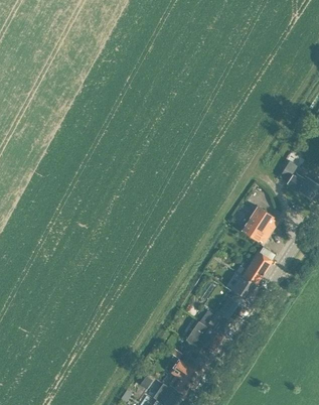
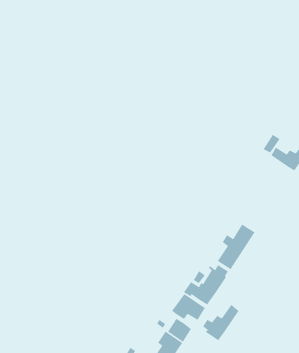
building: [242,208,276,245] -> none
building: none -> [202,304,239,341]

